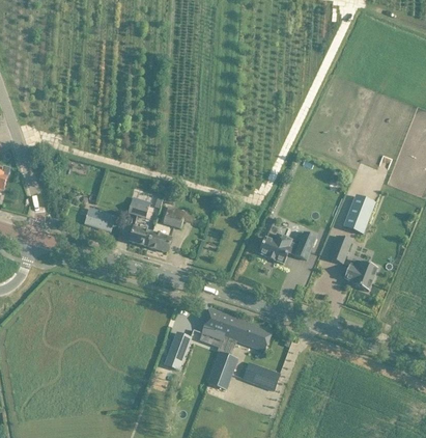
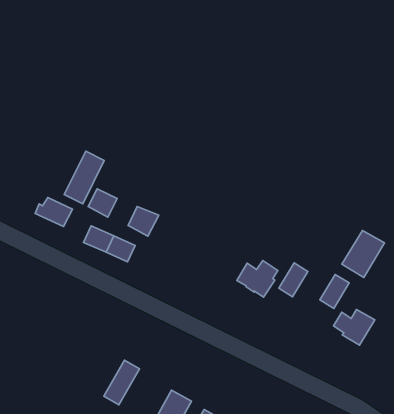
building: none -> [64,151,104,204]
building: [201,308,272,350] -> none

